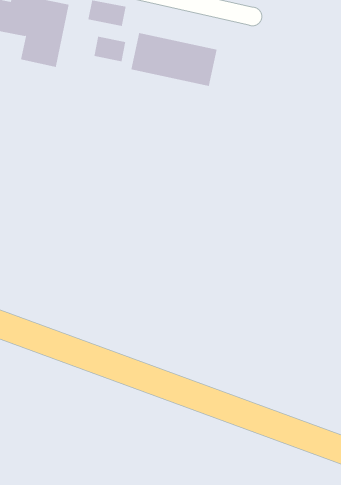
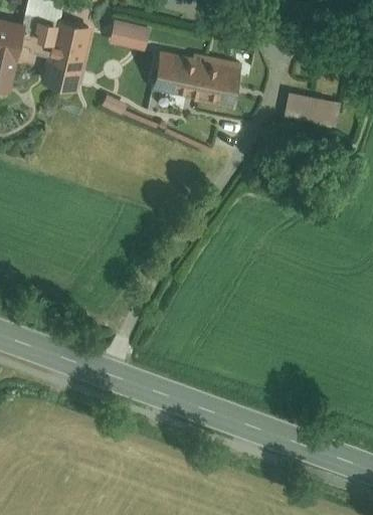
building: [94,36,126,62] -> none
building: none -> [284,92,341,127]

